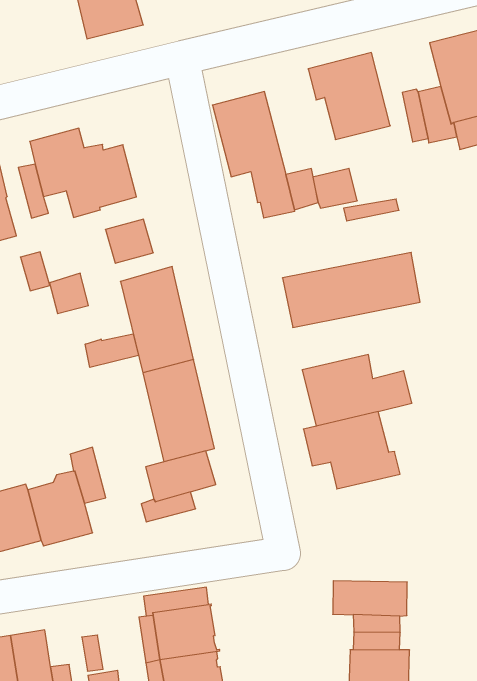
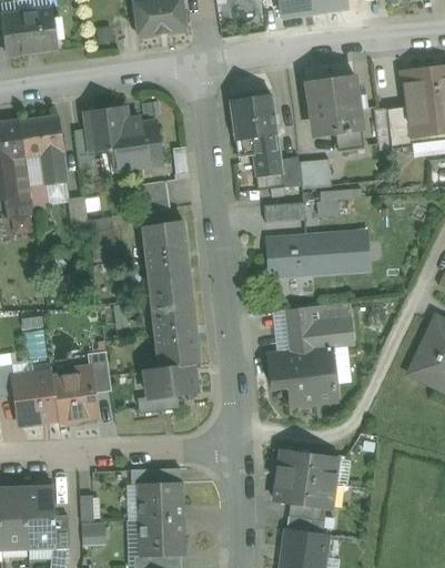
building: none -> [264,202,305,223]
building: [85,334,139,367] -> none
building: none -> [277,450,337,483]

